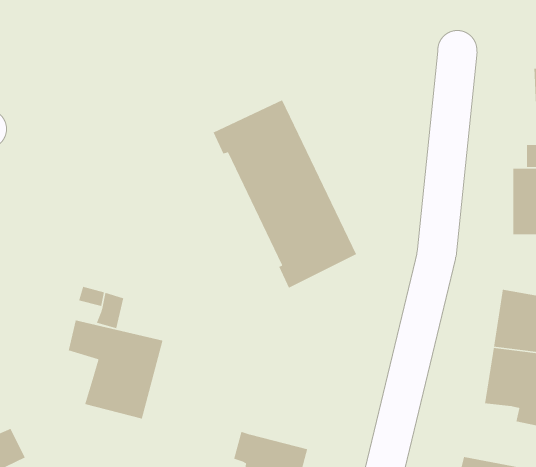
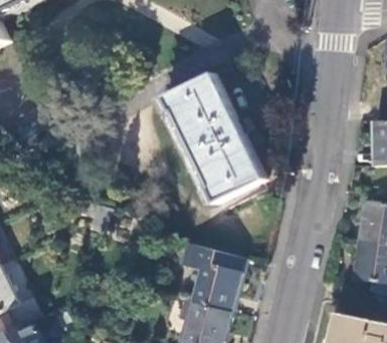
building: [68,319,163,419] -> [182,242,246,309]

